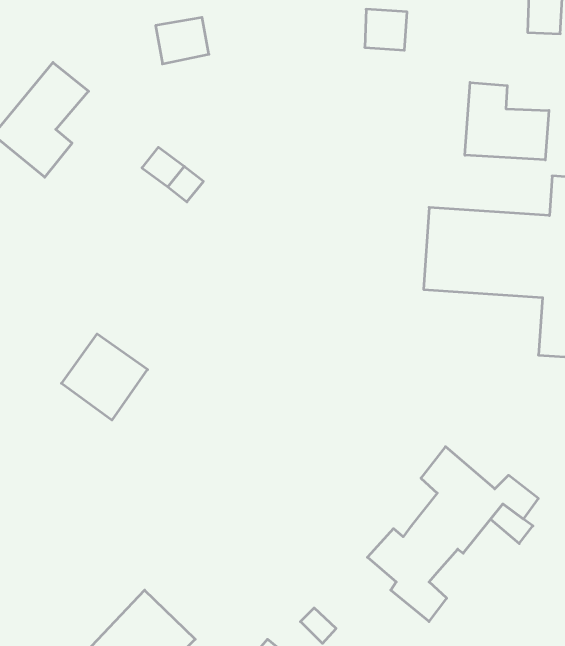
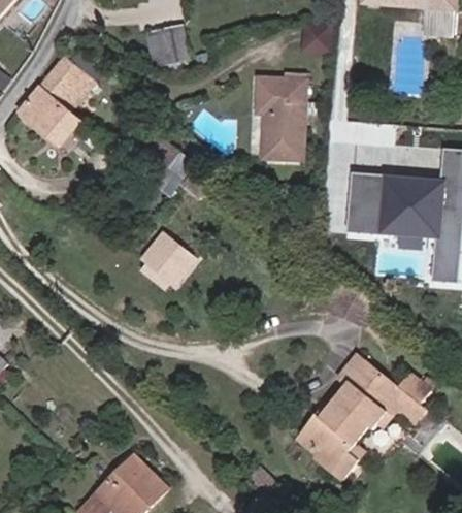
building: [465,82,549,160] -> none
building: none -> [251,77,303,158]
building: [61,334,148,420] -> [134,225,199,290]

